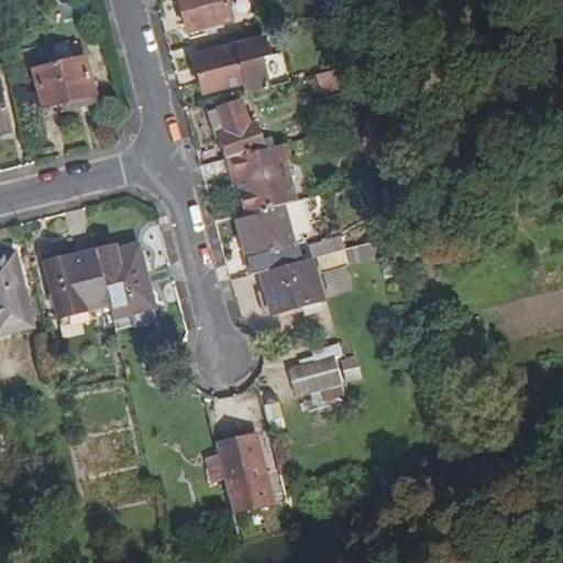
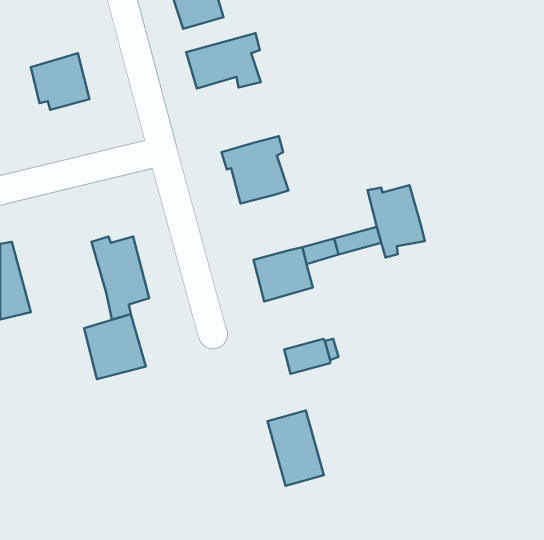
building: [212,101,262,157] -> none
building: none -> [368,185,425,258]
building: [236,201,299,272] -> none
building: [46,250,110,317] -> [84,314,146,379]
building: [218,438,276,516] -> [267,410,324,486]

